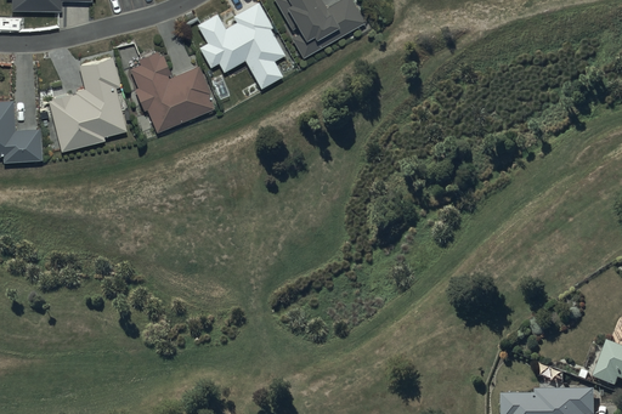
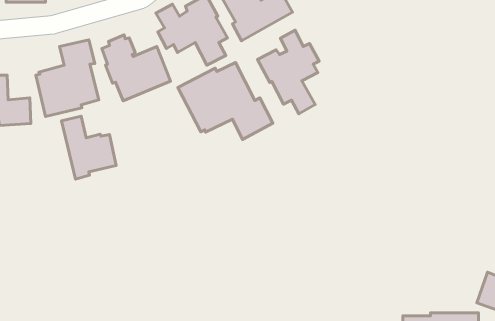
building: none -> [257,30,319,114]
building: none -> [178,62,273,139]
building: none -> [62,116,116,179]

